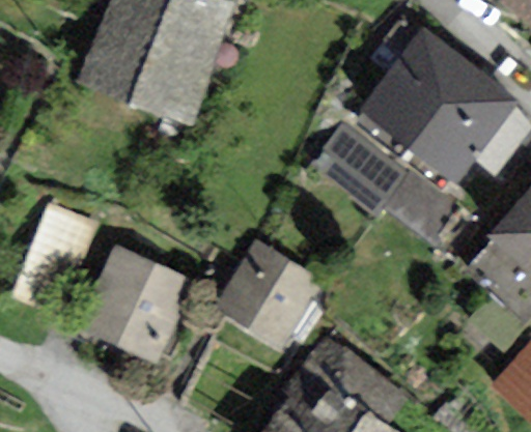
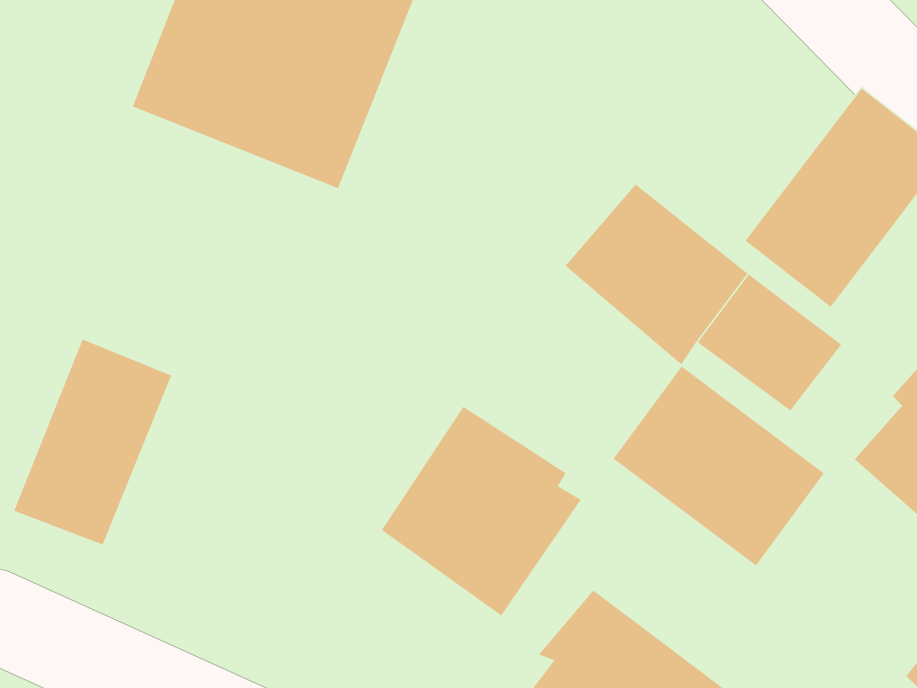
building: [359,29,472,149] -> none
building: none -> [613,365,825,567]
building: [79,243,186,361] -> none

